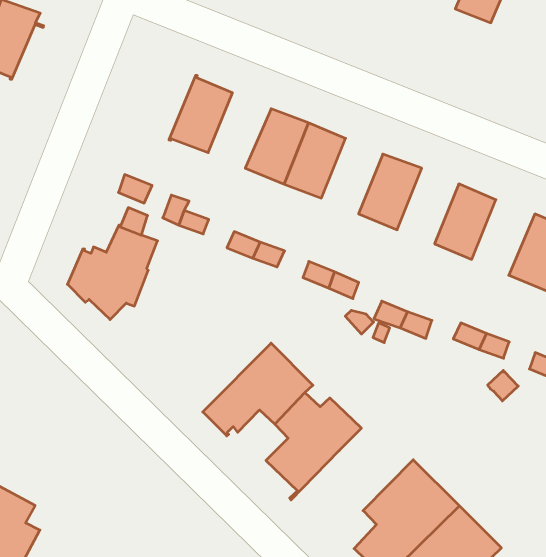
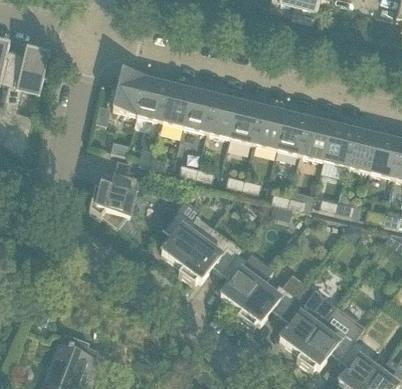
building: none -> [107,71,146,116]
building: none -> [160,83,193,126]
building: none -> [230,100,262,143]
building: none -> [277,111,309,154]
building: none -> [323,123,356,166]
building: none -> [161,209,213,272]
building: none -> [238,273,306,328]

